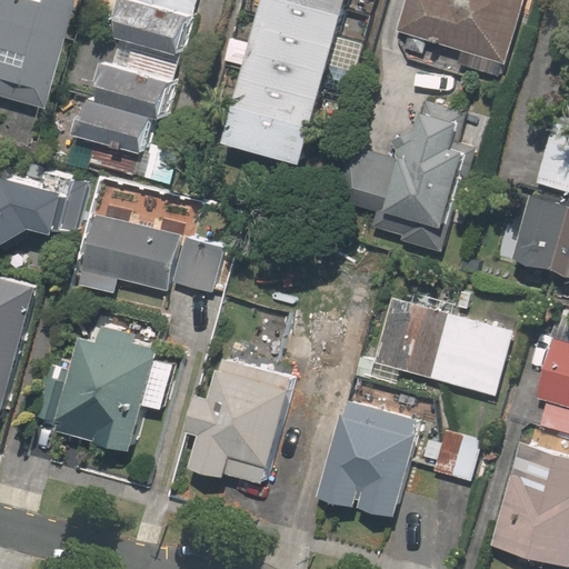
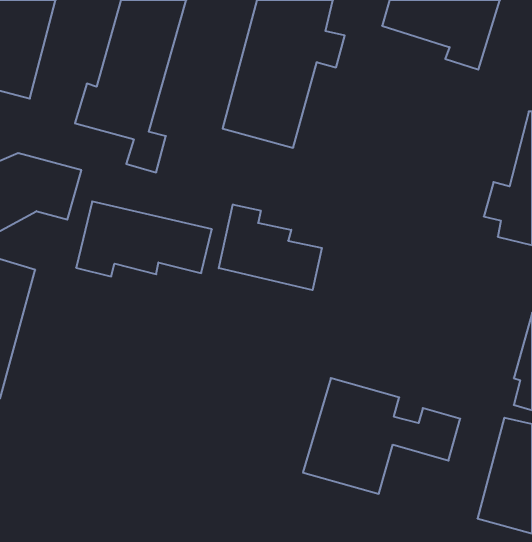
building: [327,102,471,249] -> none
building: none -> [219,204,322,290]
building: [372,296,510,397] -> none
building: [29,325,173,450] -> none
building: [188,352,293,482] -> none

